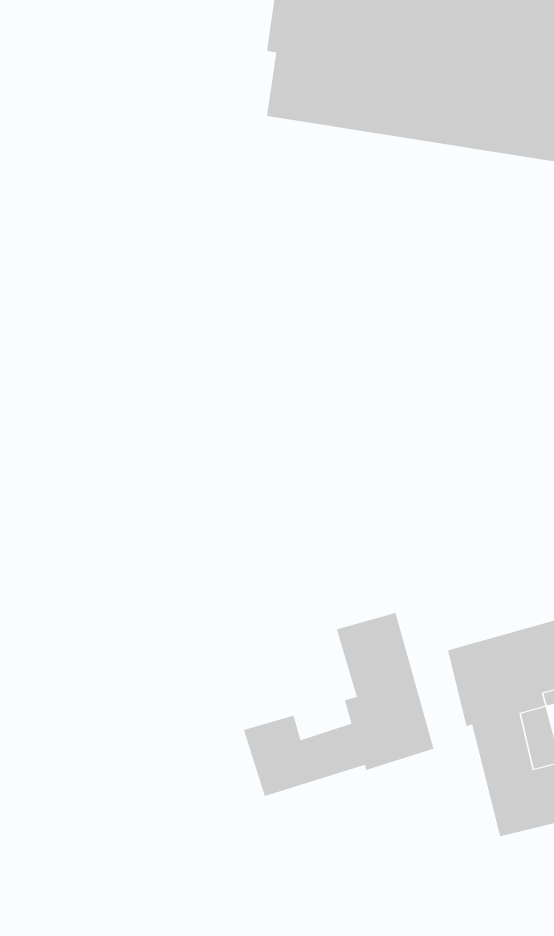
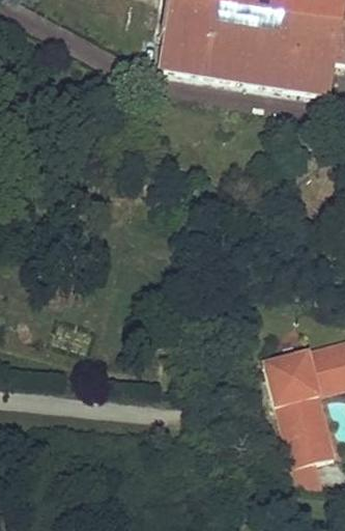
building: [243,612,434,797] -> none

